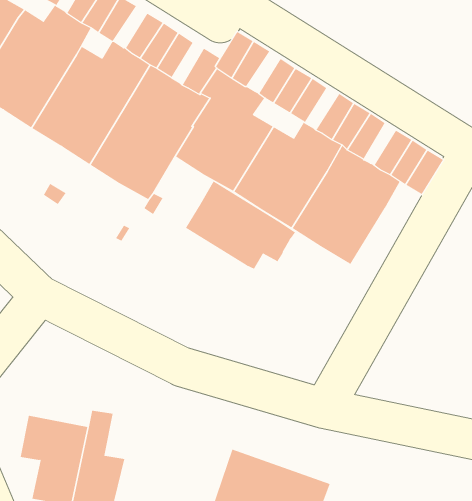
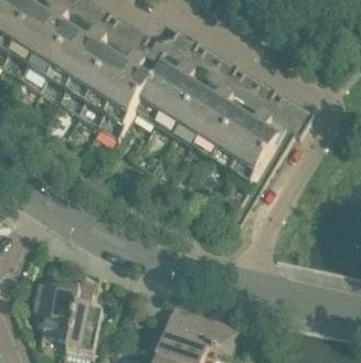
building: [185,181,296,269] -> none

